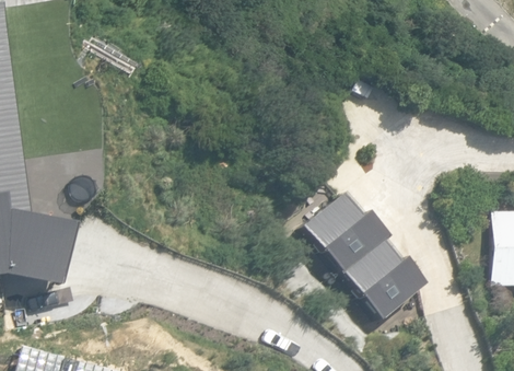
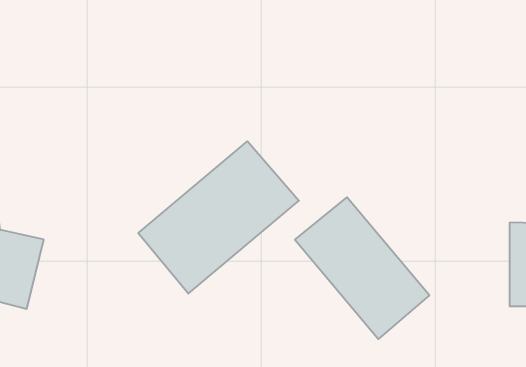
building: none -> [138,141,299,294]

